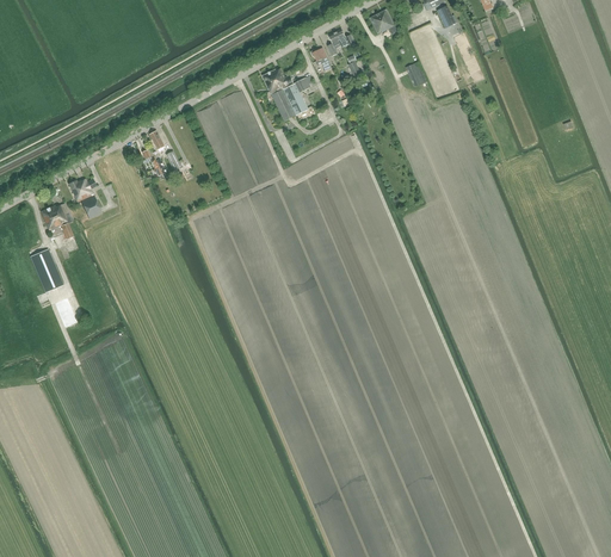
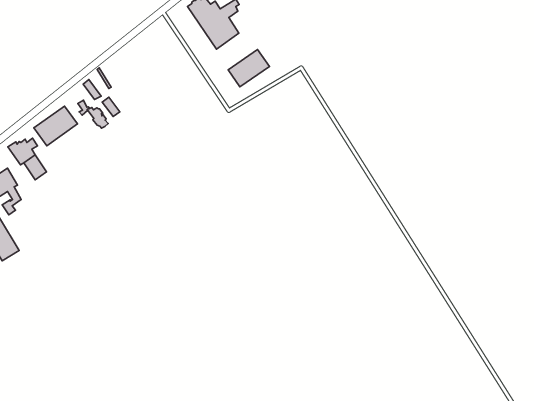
building: none -> [228,50,270,87]
building: none -> [34,106,77,146]

